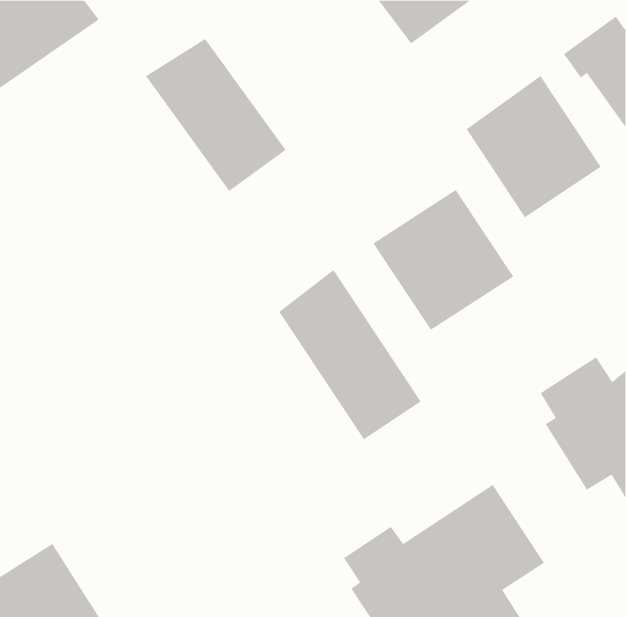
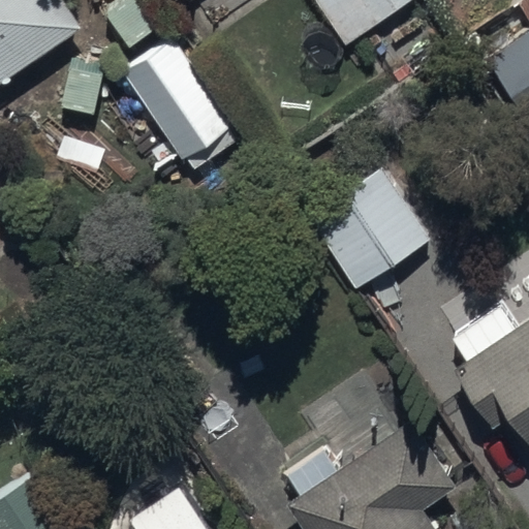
building: [466,75,602,218] -> none
building: [279,269,421,440] -> none

